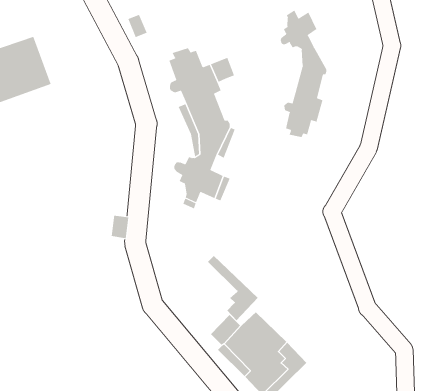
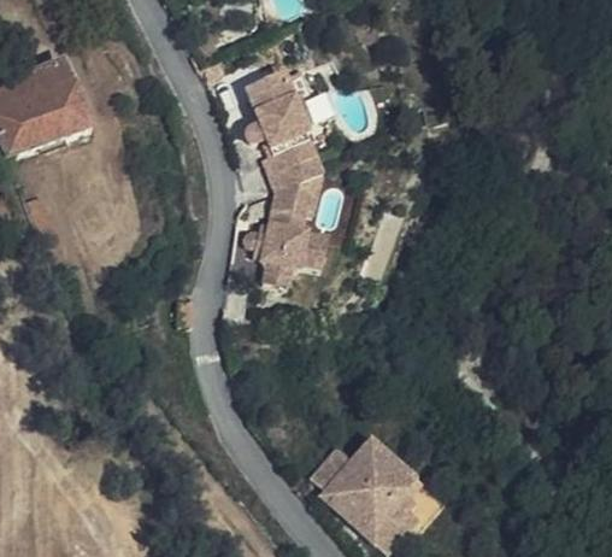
building: [280,10,327,138] -> none
building: [207,255,258,321] -> none

